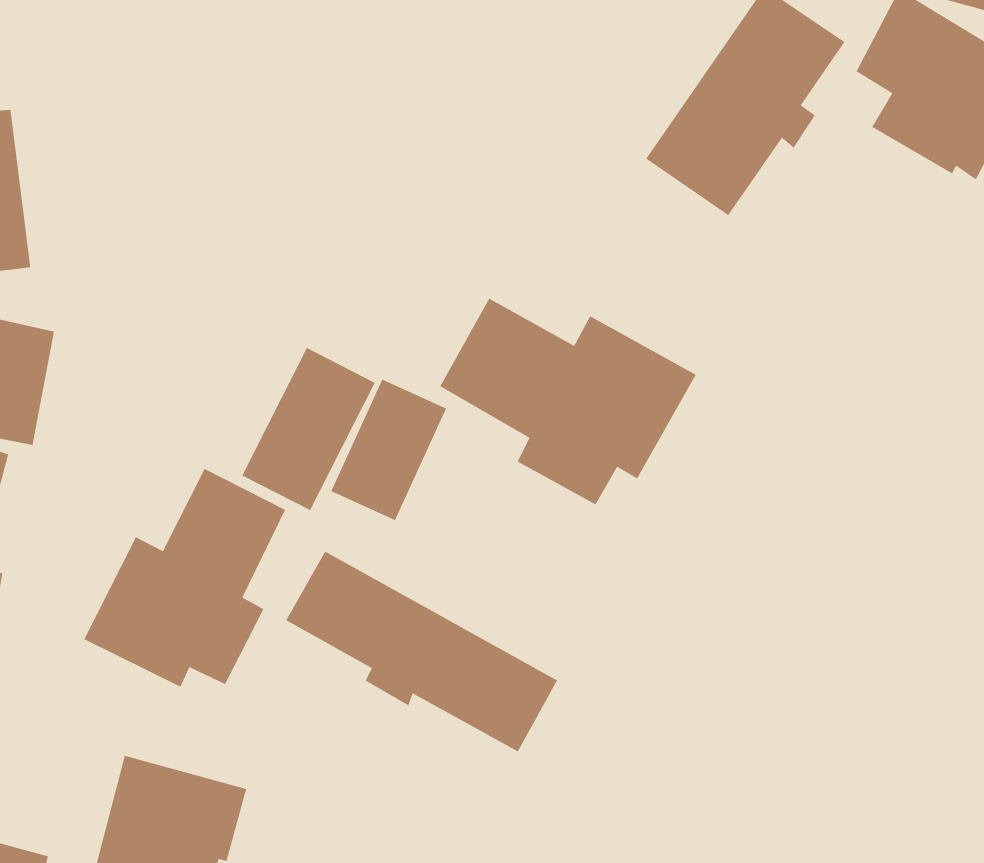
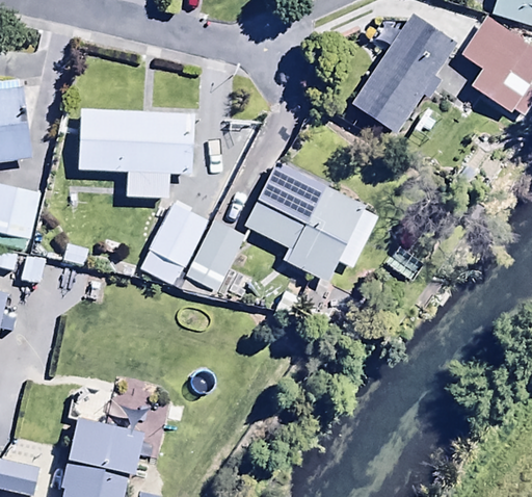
building: none -> [79,107,195,198]
building: [83,468,286,688] -> none
building: [285,551,558,753] -> none

